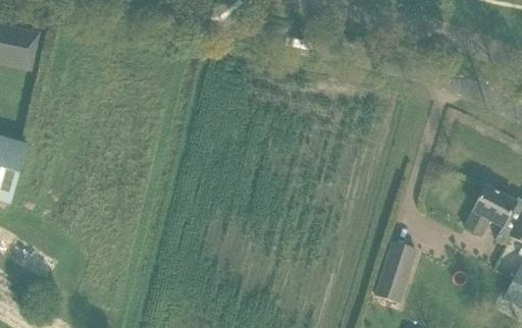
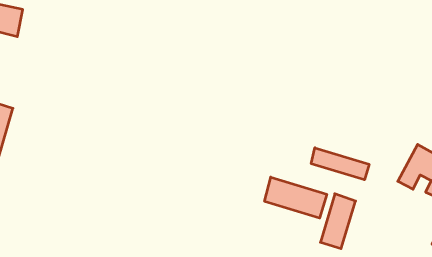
building: none -> [311,148,369,180]
building: none -> [265,177,327,218]

